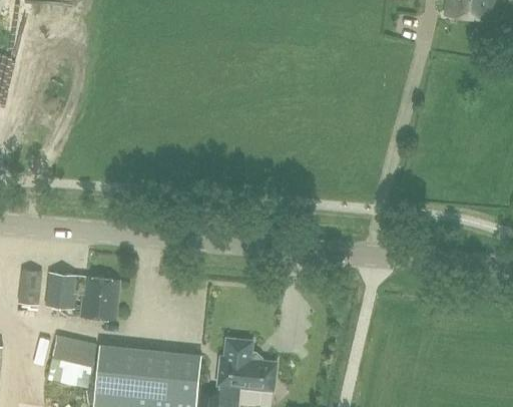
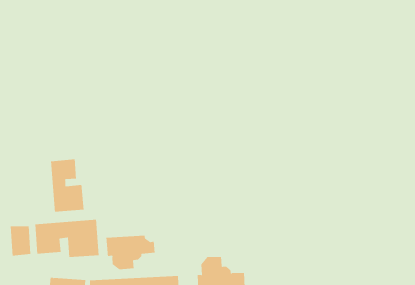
building: none -> [50,158,84,212]
building: none -> [106,235,155,270]

